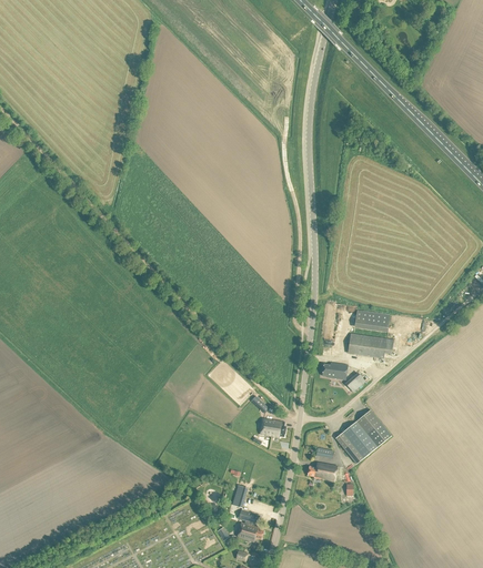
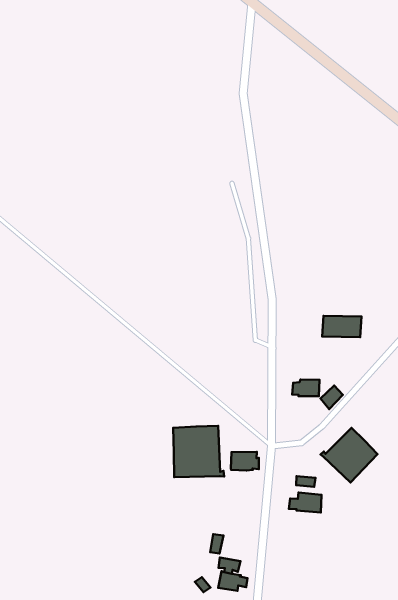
building: [346,333,393,358] -> none
building: none -> [173,426,224,477]

